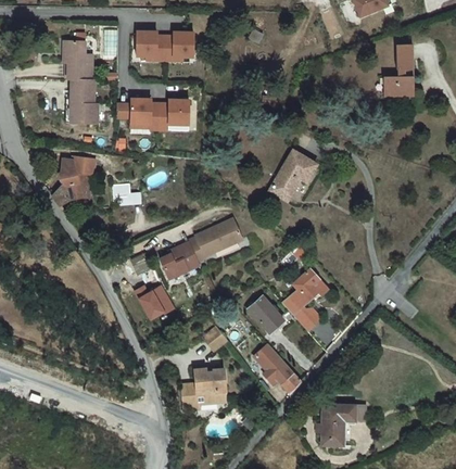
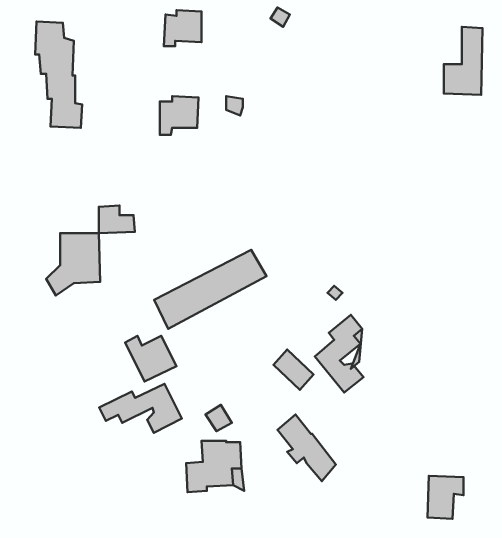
building: [136,29,165,59] -> none
building: [118,97,161,128] -> none
building: [269,149,317,200] -> none
building: [52,156,94,205] -> [46,233,100,296]
building: none -> [99,384,182,433]
building: [324,405,352,439] -> [427,476,463,519]

